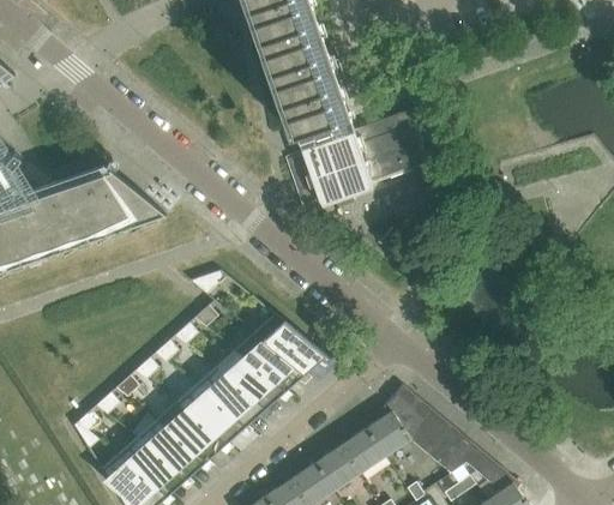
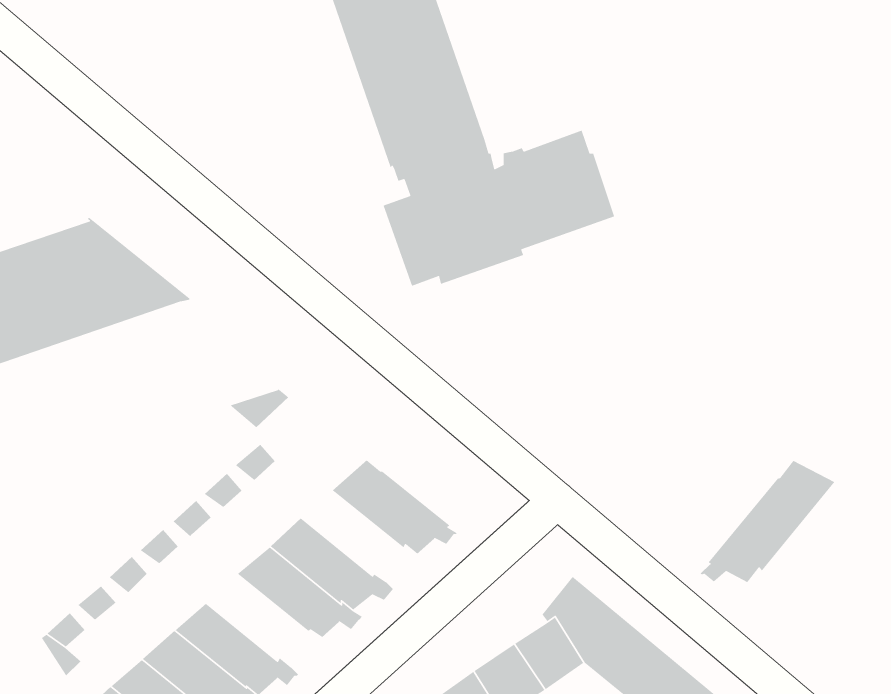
building: none -> [700,460,836,583]
building: [233,332,309,389] -> none
building: [174,384,251,441] -> none

